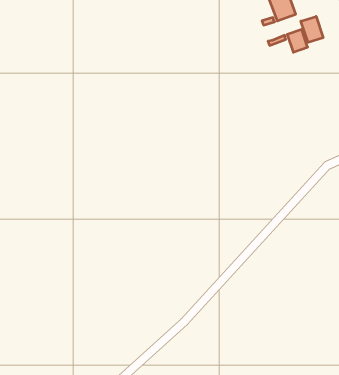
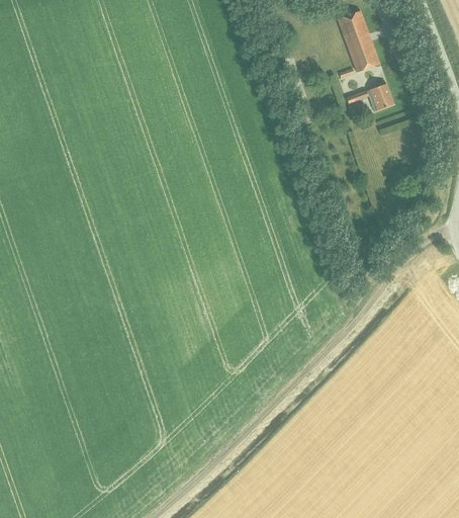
building: [301,16,323,42] -> none

